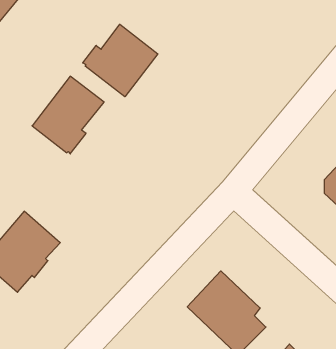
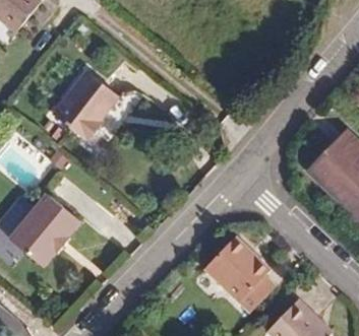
building: [83,24,158,97] -> none

